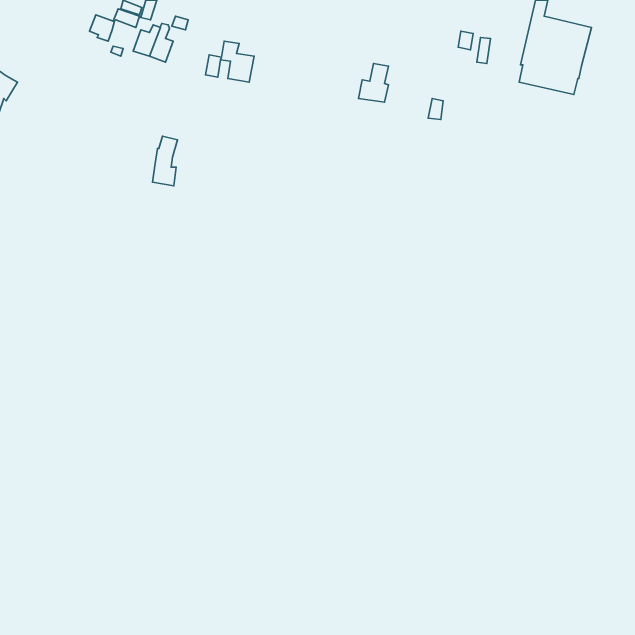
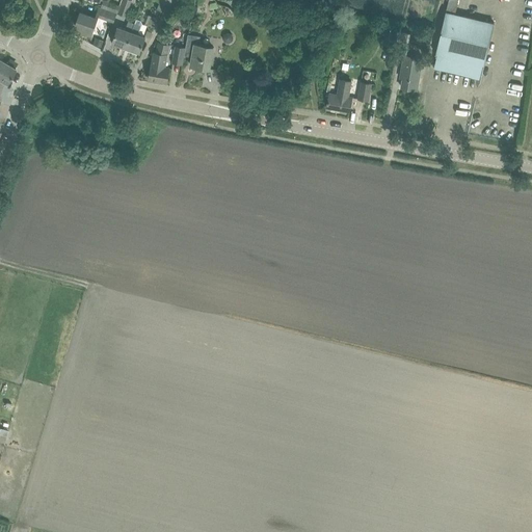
building: [359,64,388,102] -> [326,80,351,112]
building: none -> [399,56,422,91]
building: [153,136,178,186] -> [149,43,169,84]

